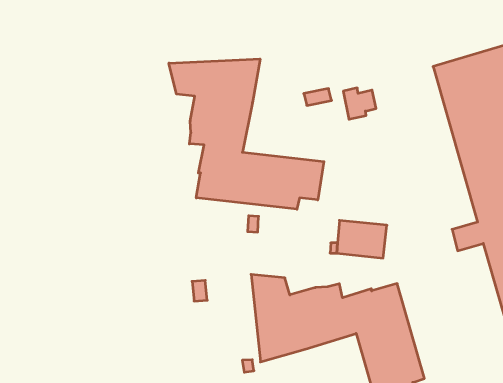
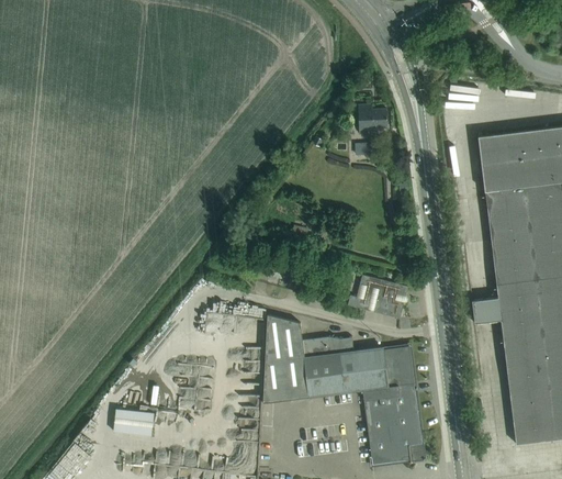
building: [169,59,324,209] -> none
building: [343,88,376,119] -> [358,104,387,134]

